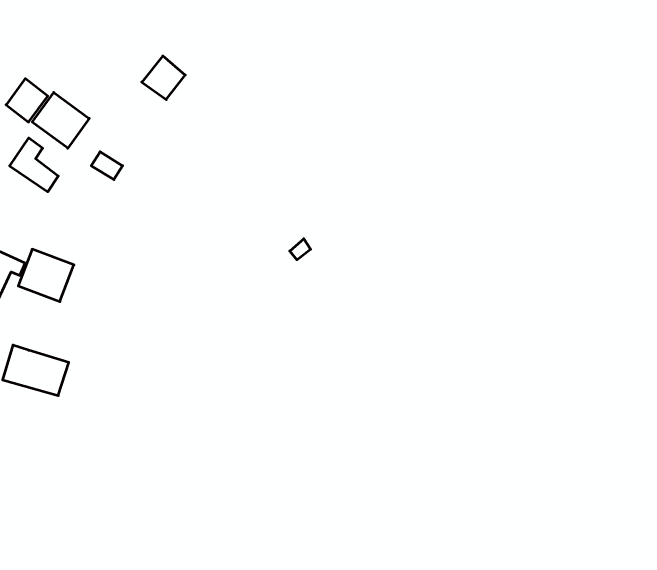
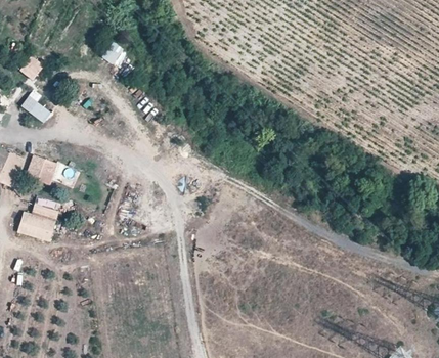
building: [32,92,89,148] -> none
building: none -> [32,195,61,222]

